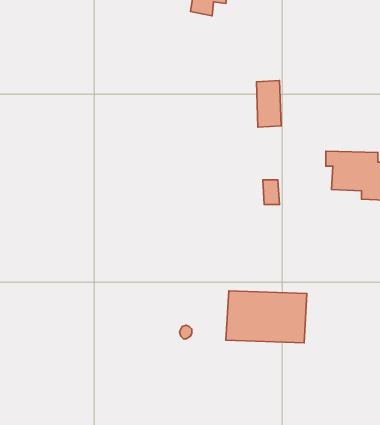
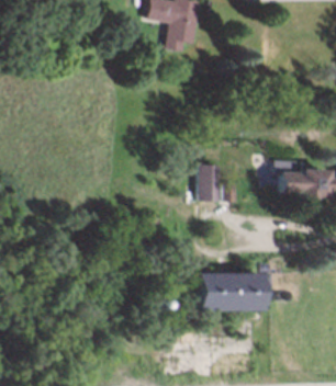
building: [256,81,281,127] -> [199,168,219,205]

